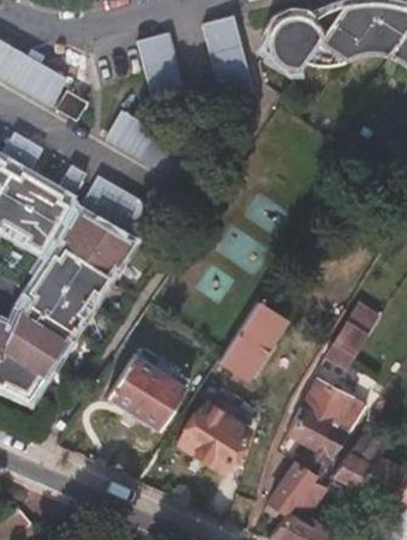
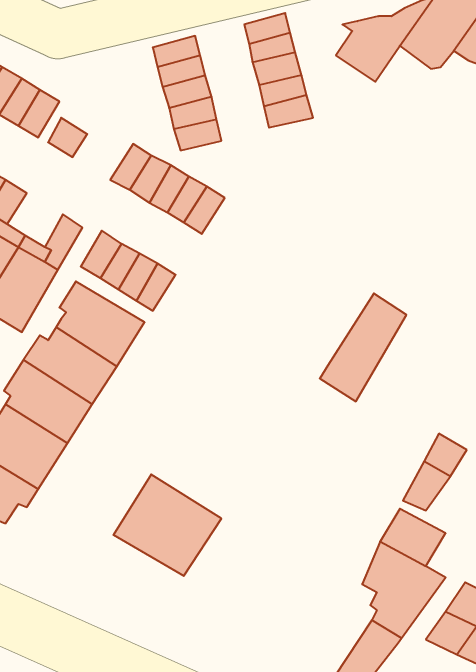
building: [223,298,287,377] -> [320,293,406,401]
building: [180,403,255,470] -> none

